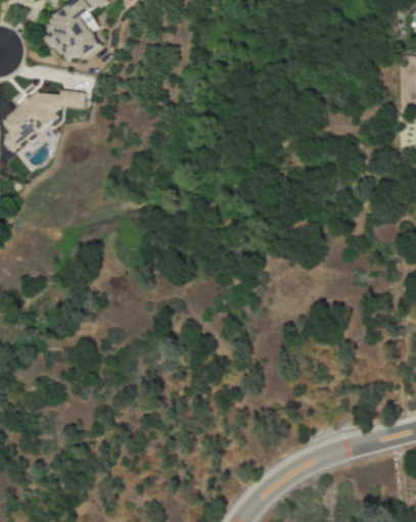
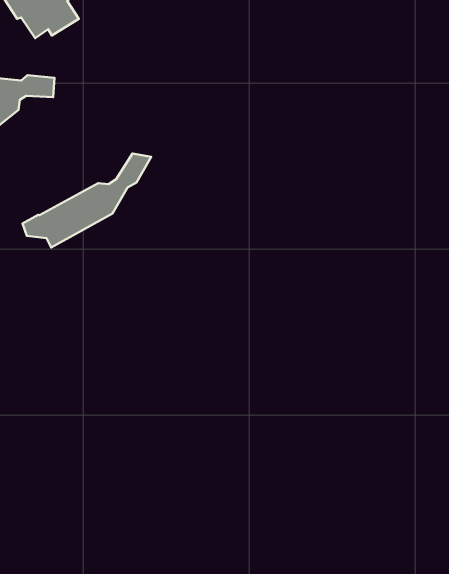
building: none -> [22,153,151,248]

